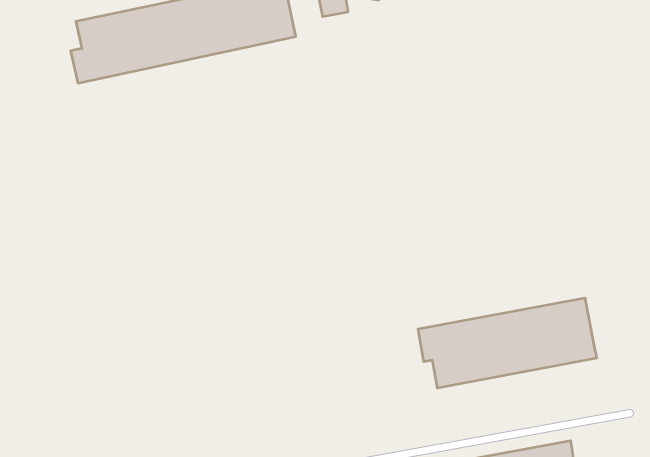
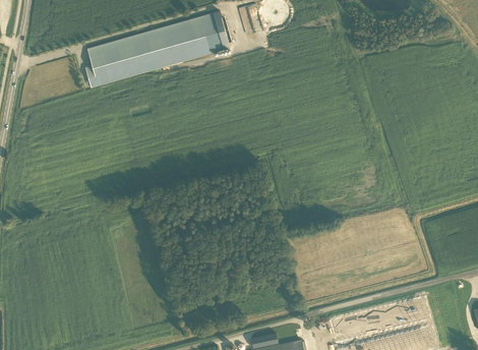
building: [418,298,597,388] -> none

